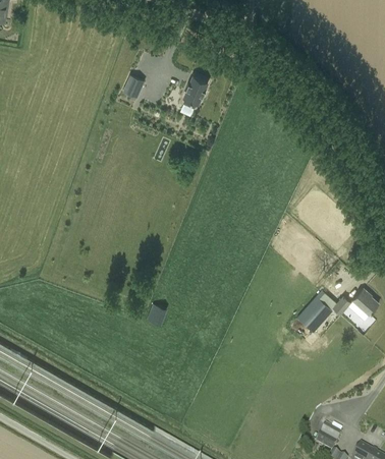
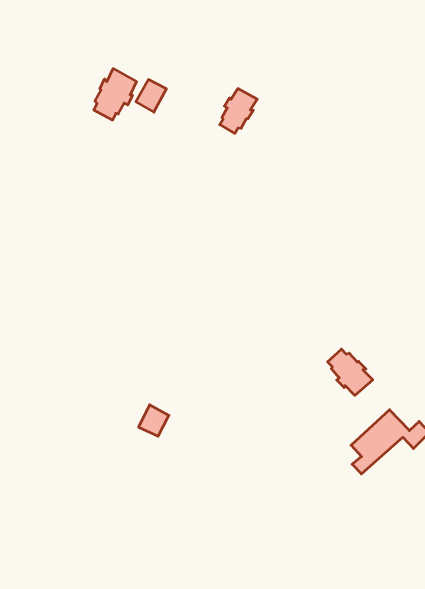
building: none -> [94,69,136,120]
building: none -> [328,349,373,395]

